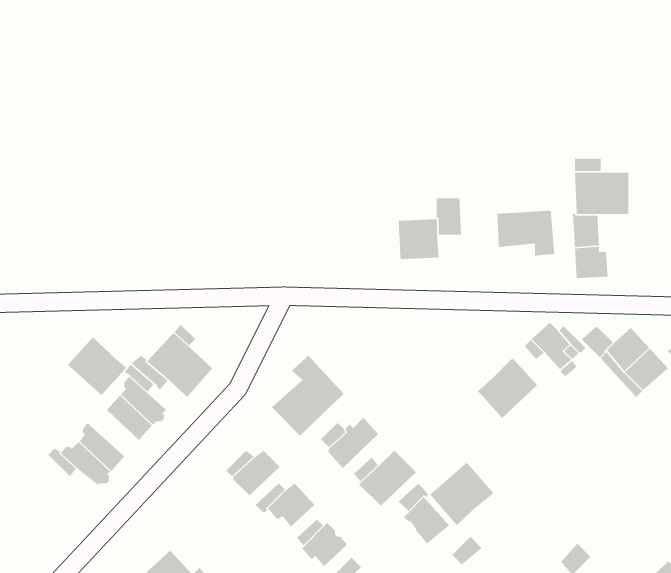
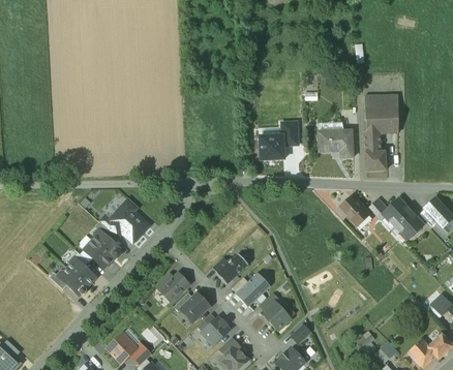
building: [67,336,127,396] -> none
building: [271,355,344,436] -> none
building: [477,357,538,419] -> none
building: [429,461,495,526] -> none

